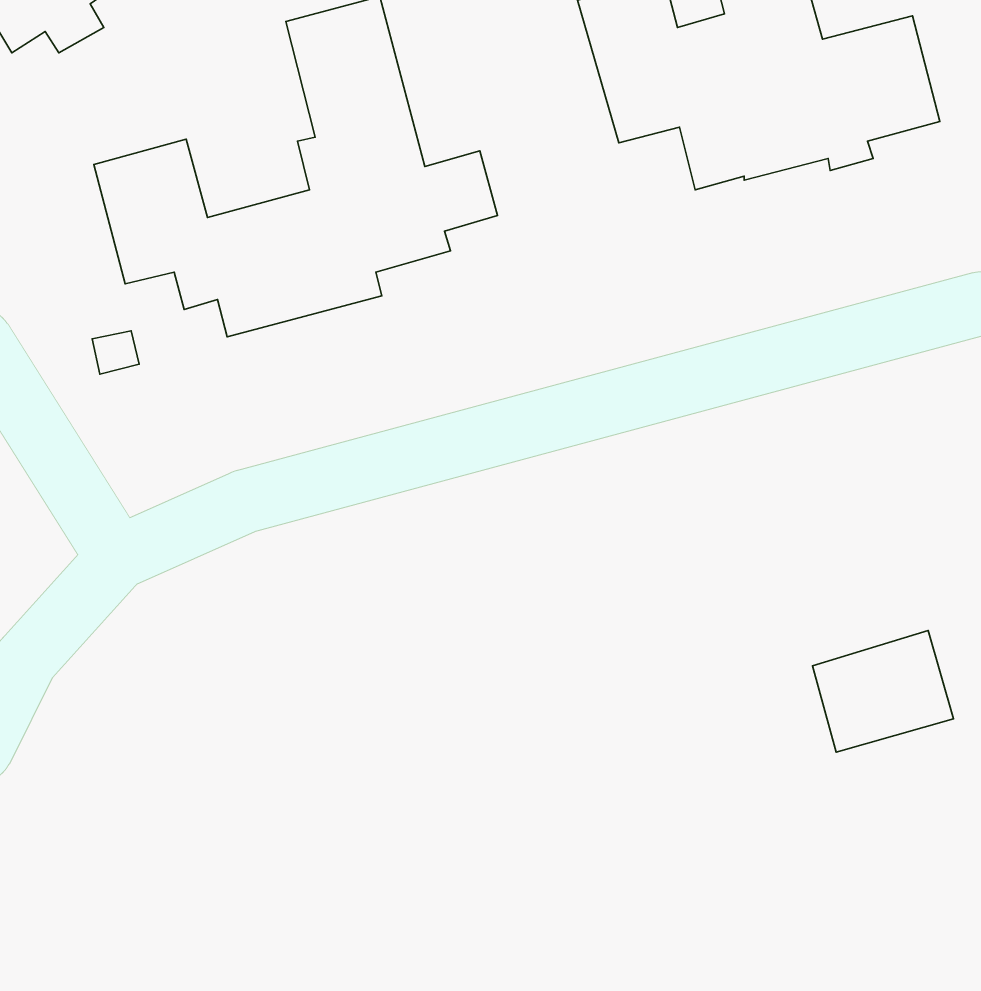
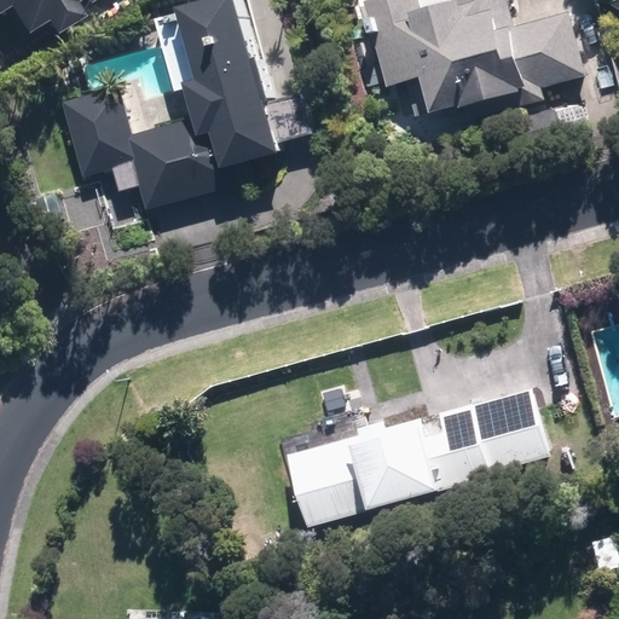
building: none -> [310,409,487,514]

